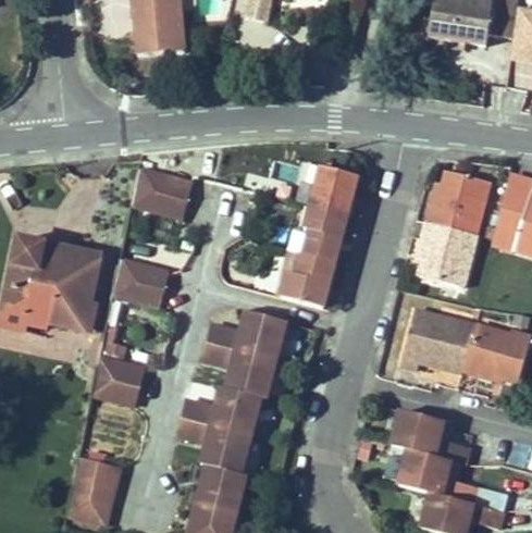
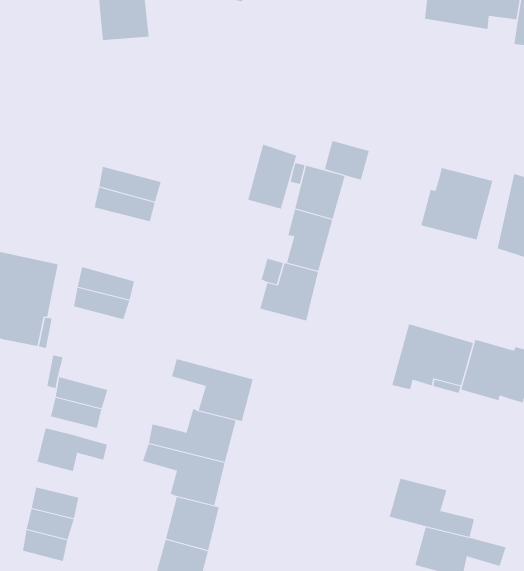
building: none -> [324,140,370,181]
building: none -> [247,144,297,209]
building: [417,221,477,287] -> none
building: [206,310,285,359] -> none
building: none -> [37,427,108,472]
building: [391,409,468,462] -> none

